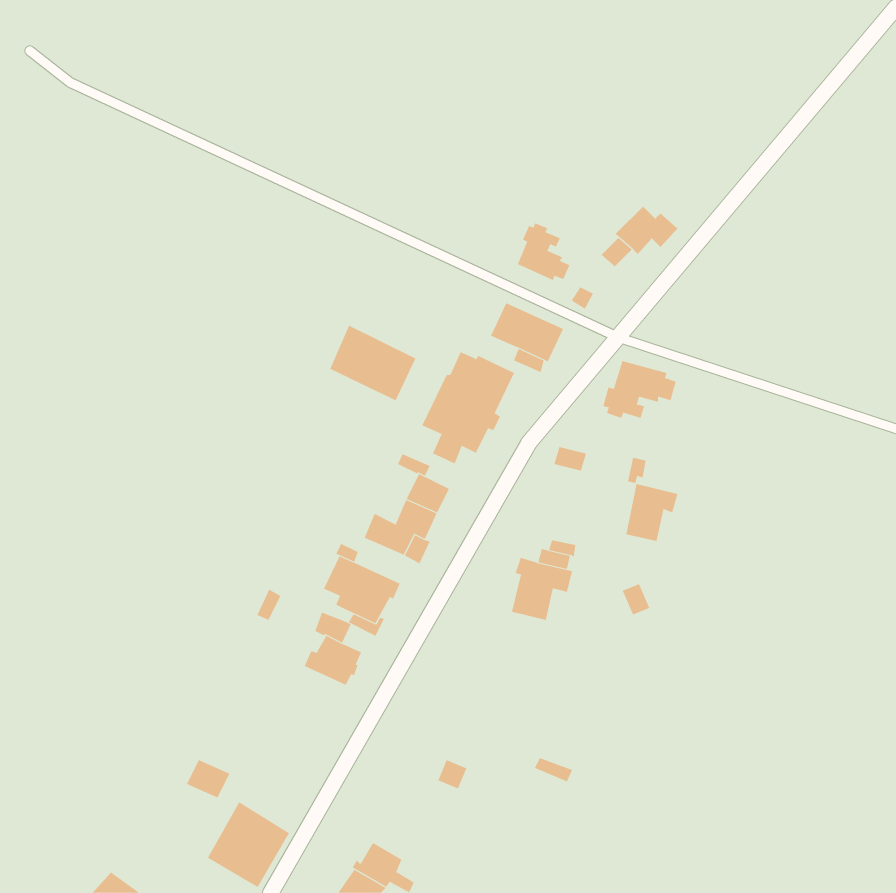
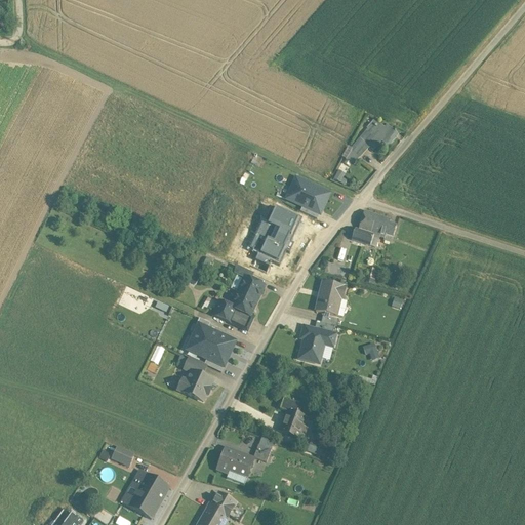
building: [517,223,570,281] -> none
building: [330,325,416,401] -> none
building: [625,483,678,541] -> [315,280,346,314]
building: none -> [279,397,305,437]
building: none -> [219,446,255,474]

